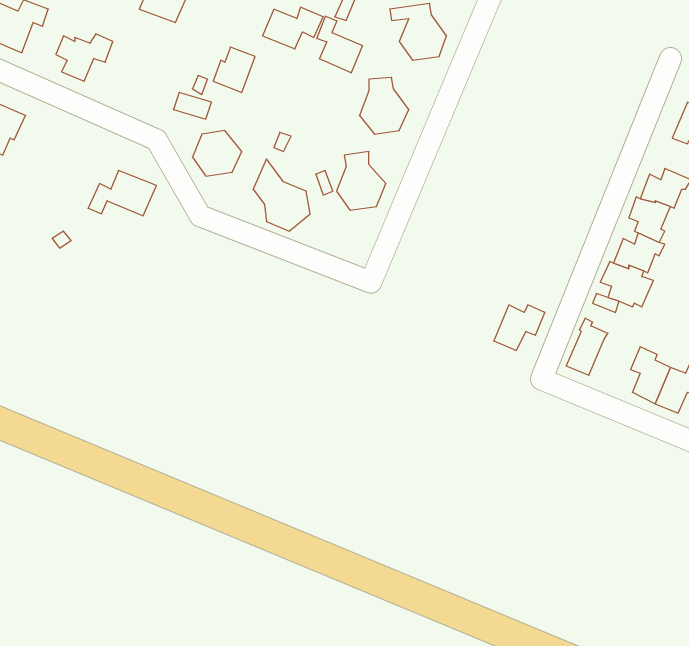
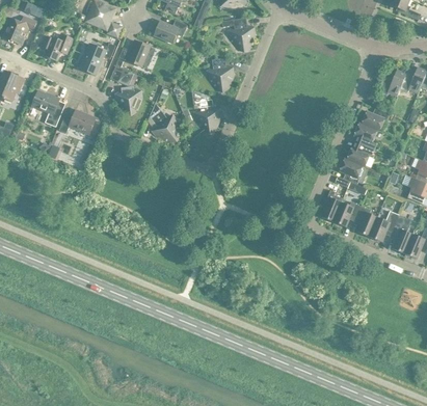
building: [317,16,362,73] -> none
building: none -> [79,43,115,75]
building: none -> [31,90,63,127]
building: [494,305,545,350] -> [332,201,361,226]

